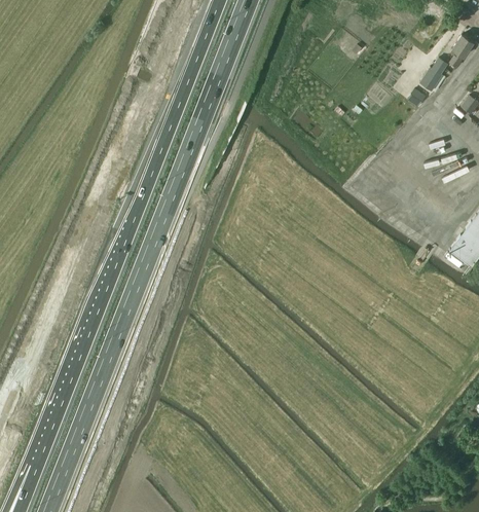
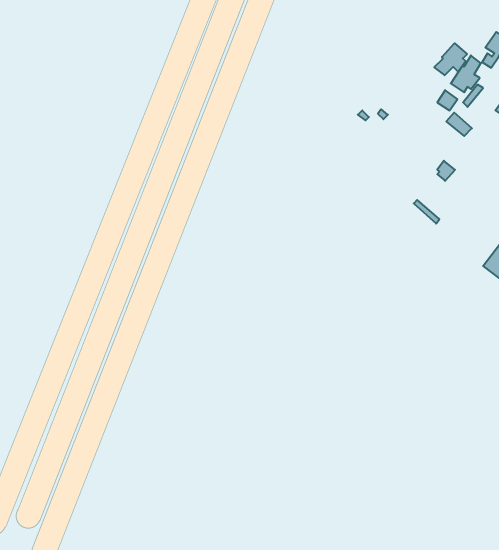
building: none -> [434,43,467,75]

